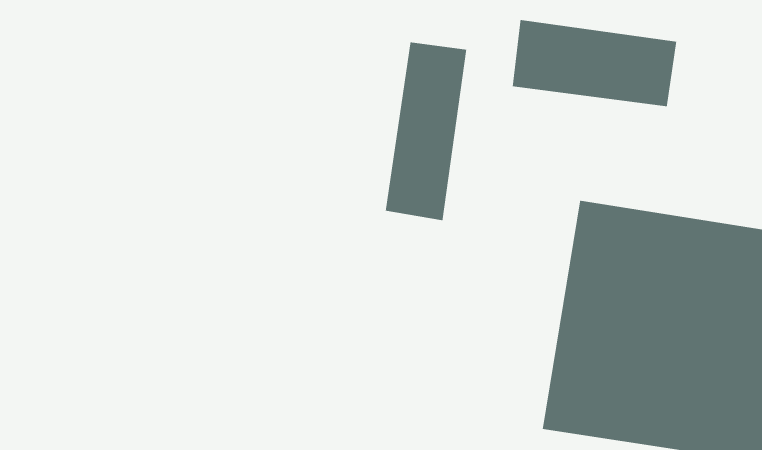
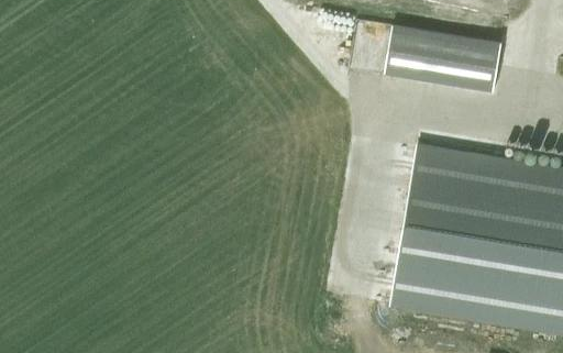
building: [385,41,467,221] -> none

